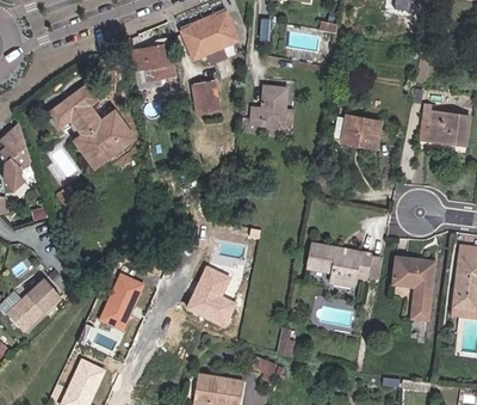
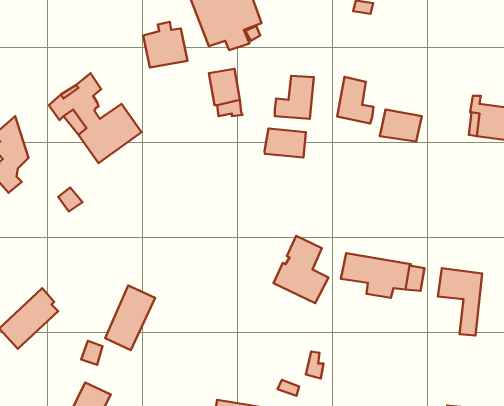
building: none -> [337,77,374,123]
building: none -> [265,128,306,158]
building: [187,266,236,326] -> [273,236,329,303]

